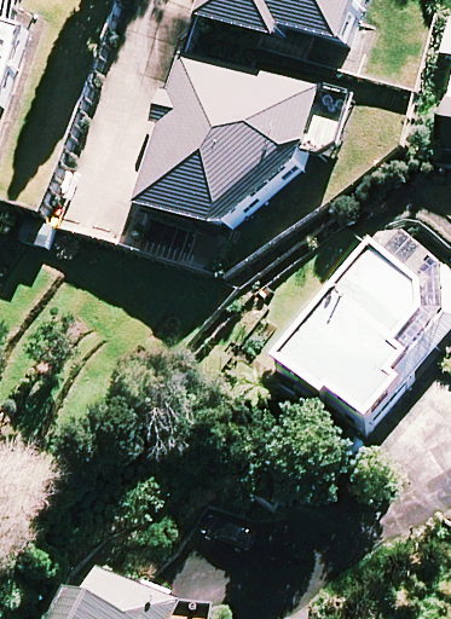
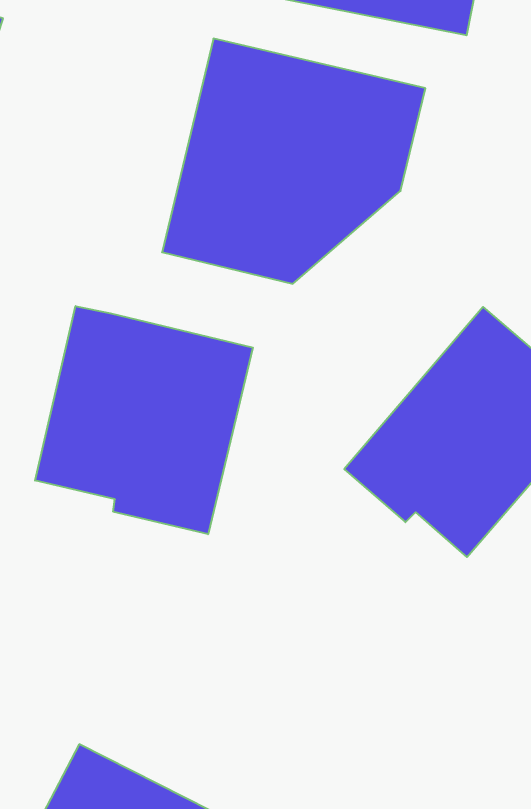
building: none -> [35,306,253,534]

